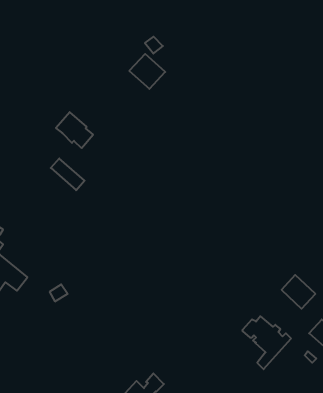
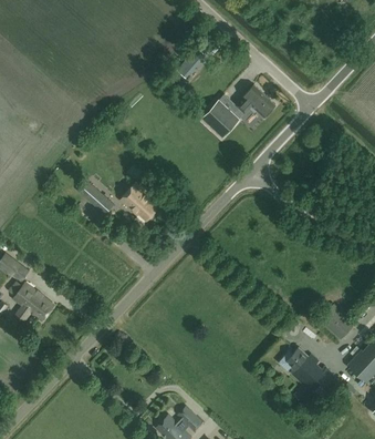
building: [129,54,165,89] -> [202,101,240,137]
building: none -> [236,85,275,119]
building: [56,112,93,148] -> [119,185,158,223]

